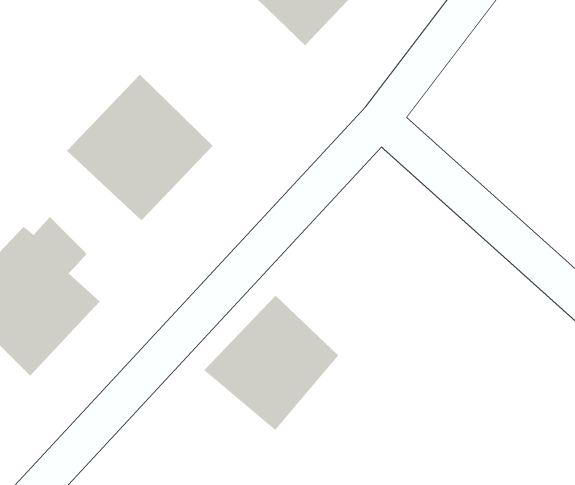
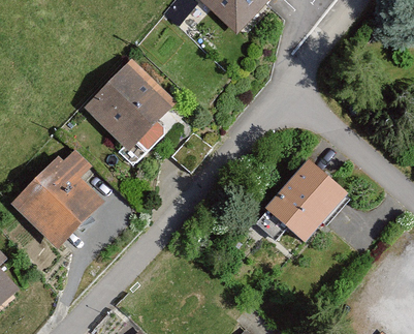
building: [203,295,339,431] -> [263,156,349,242]

